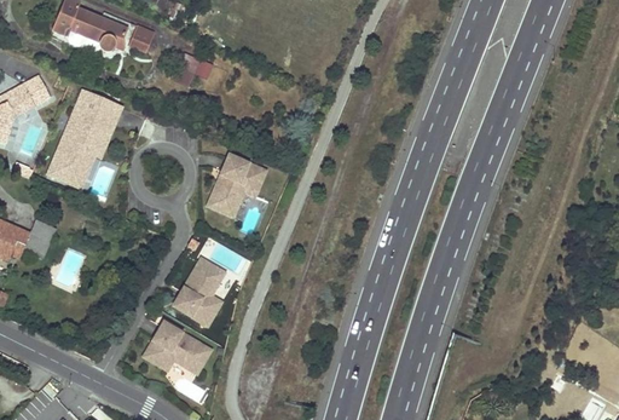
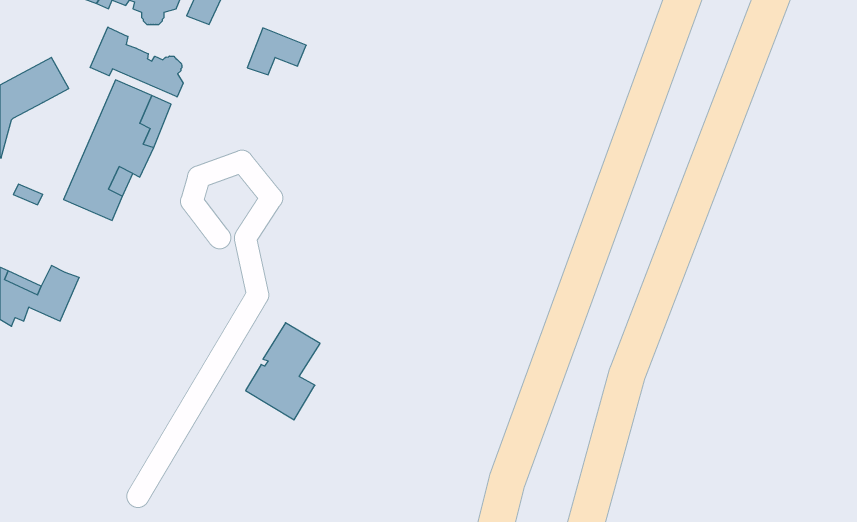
building: none -> [90,27,183,97]
building: [207,154,266,215] -> none
building: [141,322,209,374] -> none

